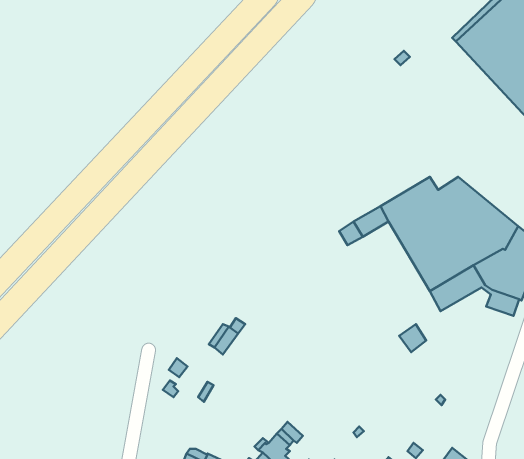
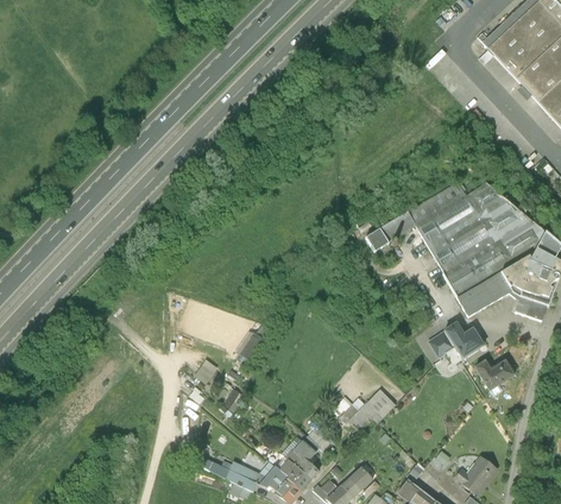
building: none -> [443,321,486,360]
building: none -> [475,358,516,390]
building: none -> [340,389,397,431]

